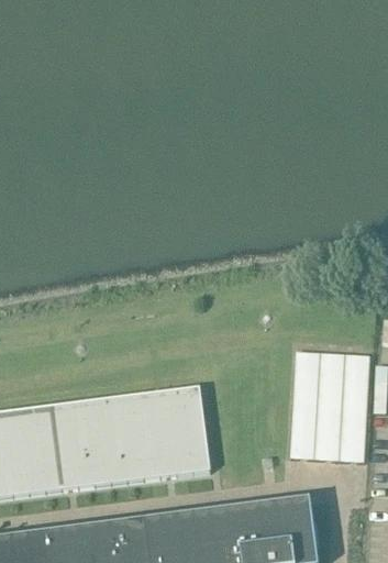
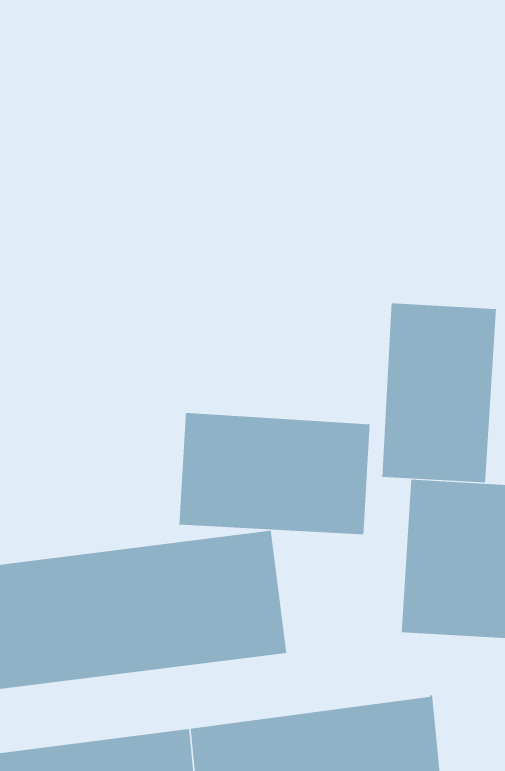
building: none -> [382,302,497,483]
building: none -> [179,412,370,535]

